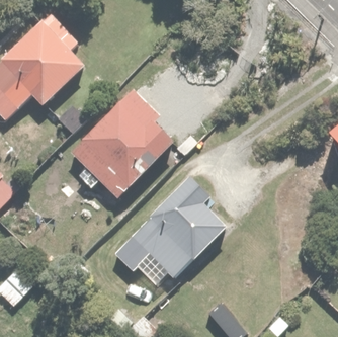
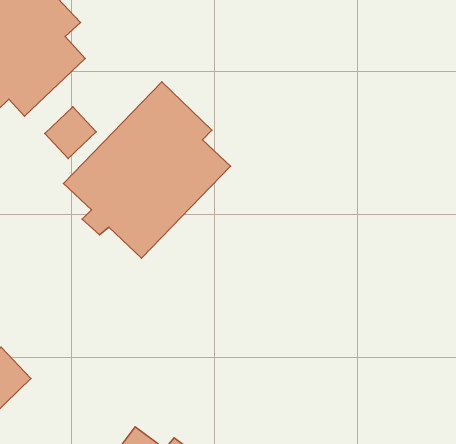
building: [112,175,229,284] -> none

